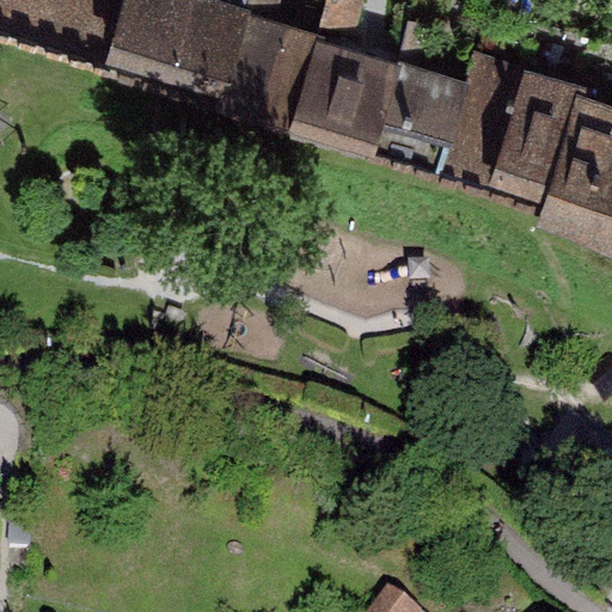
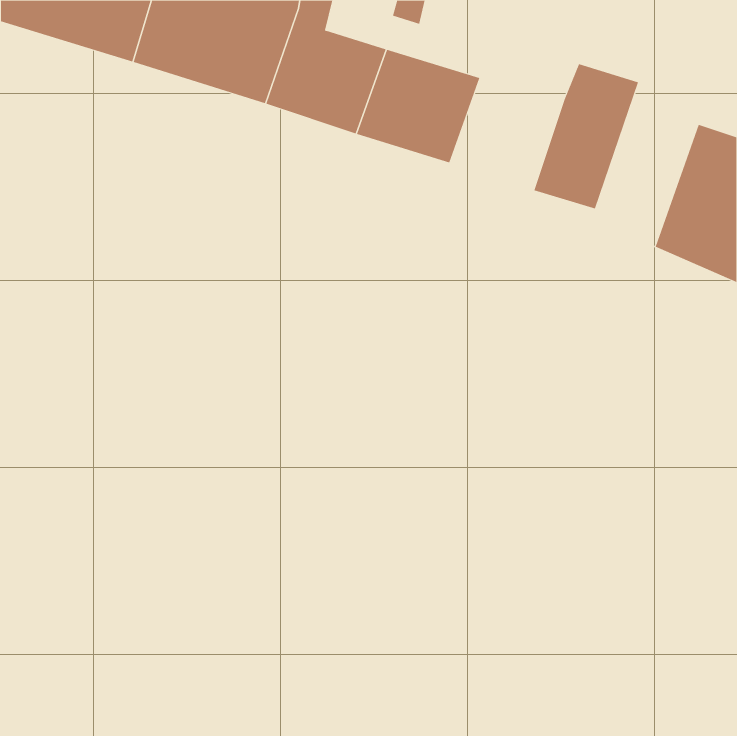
building: [373,20,467,159] -> none
building: [494,69,583,192] -> none

